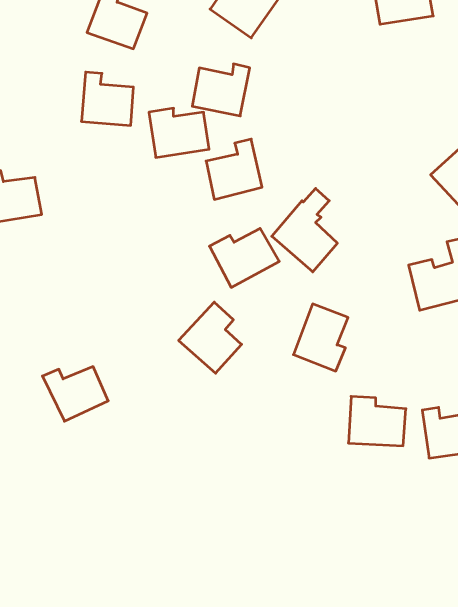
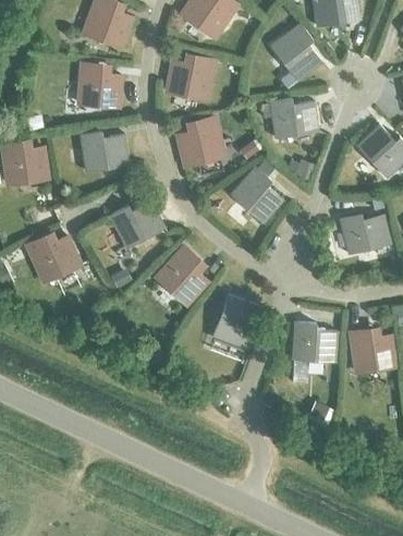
building: none -> [270,23,320,88]
building: [149,108,209,157] -> [80,132,127,171]
building: none -> [269,99,317,138]
building: [209,228,279,287] -> [109,202,164,248]
building: [293,304,348,371] -> [212,295,256,349]
building: [42,367,108,421] -> [26,237,78,281]

